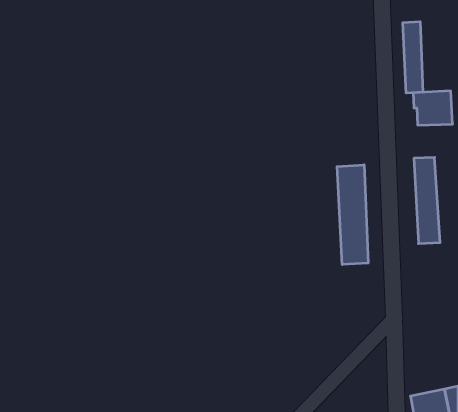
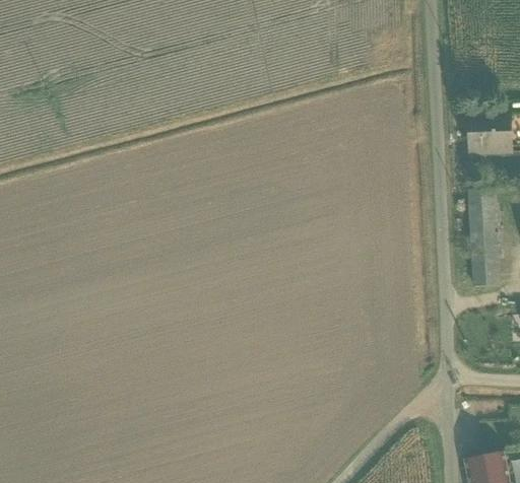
building: [403,22,423,93] -> none
building: [337,165,368,265] -> none

